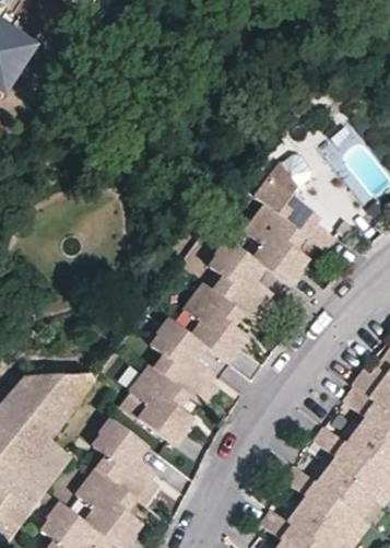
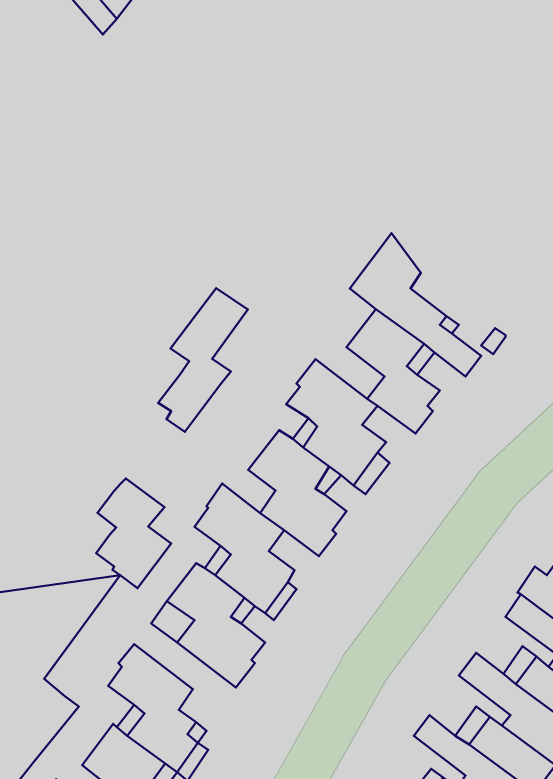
building: none -> [158,288,248,432]
building: none -> [96,478,171,588]

